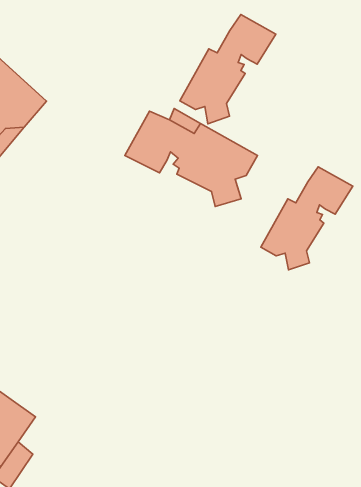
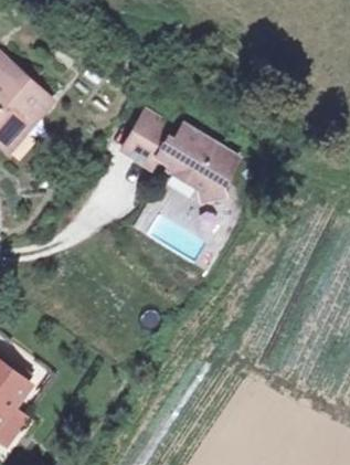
building: [180,14,276,124] -> none
building: [261,167,353,270] -> none

